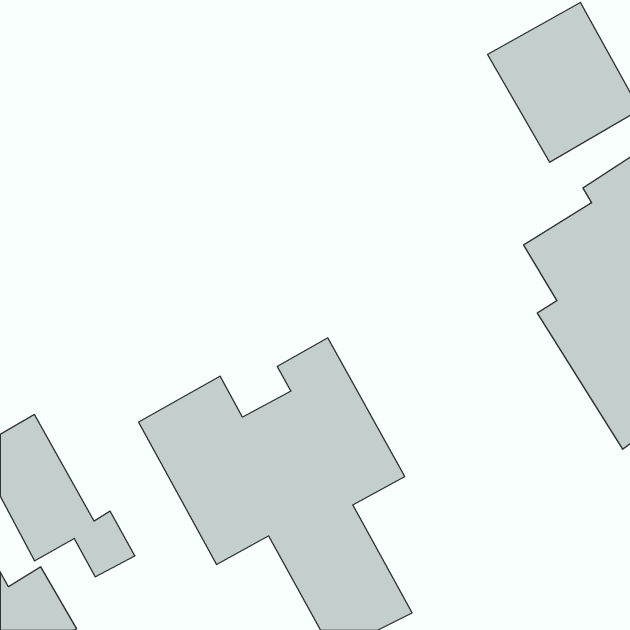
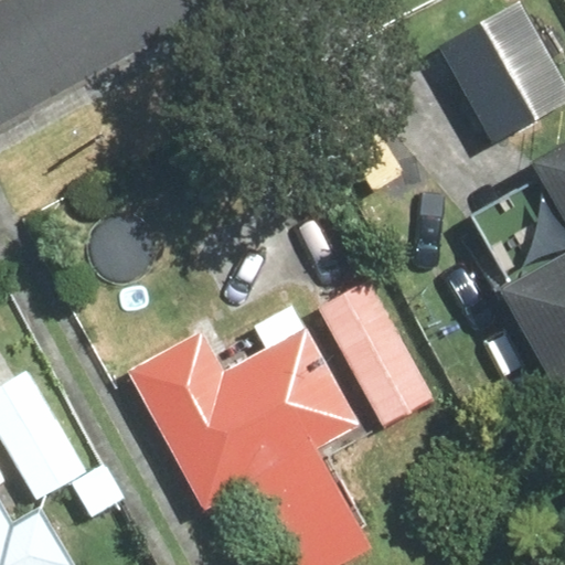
building: none -> [319,279,438,427]

